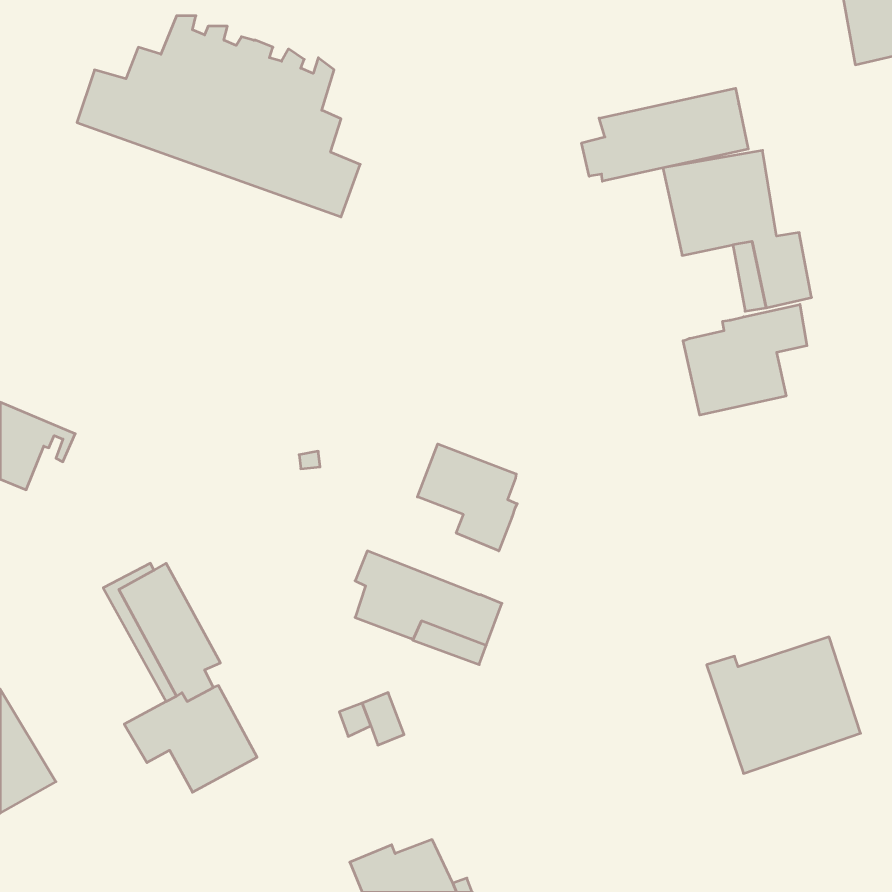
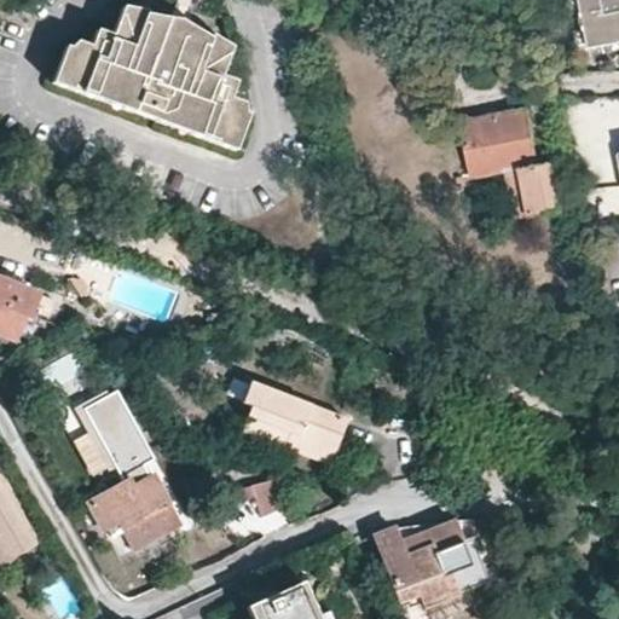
building: [582,88,748,181] -> none
building: [683,304,807,415] -> none
building: [417,444,517,551] -> none
building: [707,637,861,773] -> [377,514,484,608]

